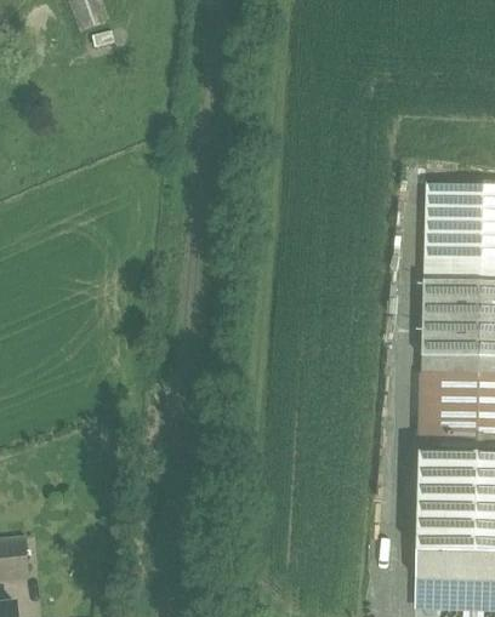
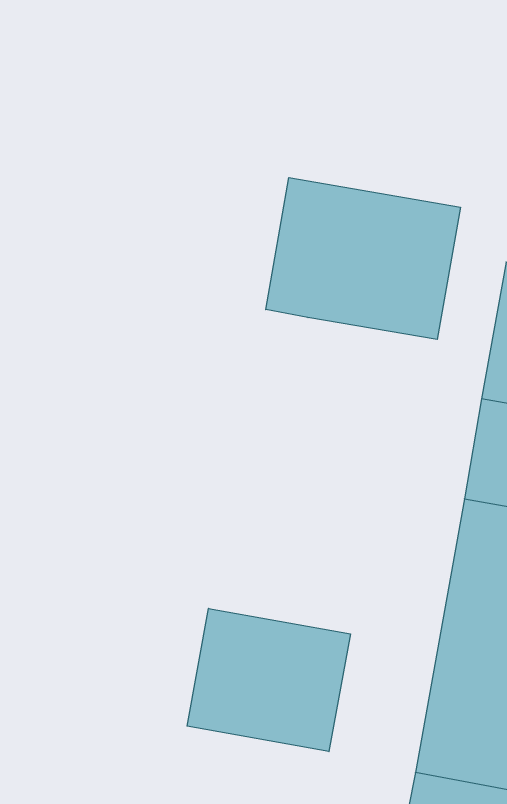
building: none -> [266,178,460,339]
building: none -> [187,608,350,752]

